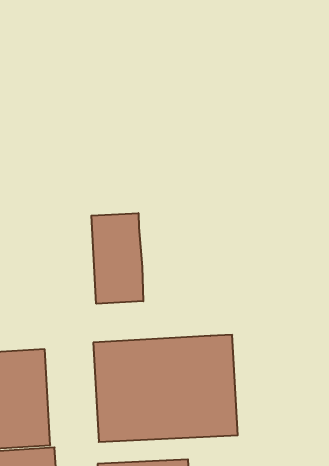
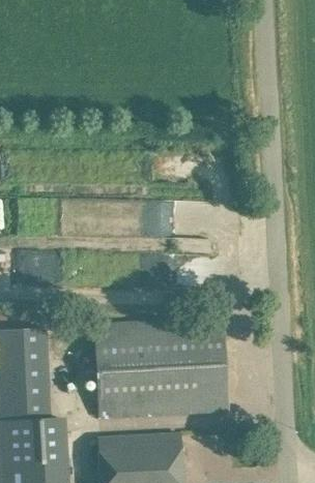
building: [91,213,143,304] -> none

